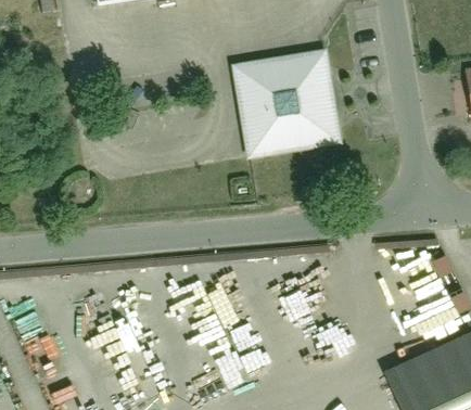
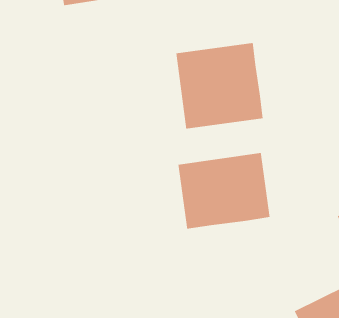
building: none -> [178,152,270,230]

